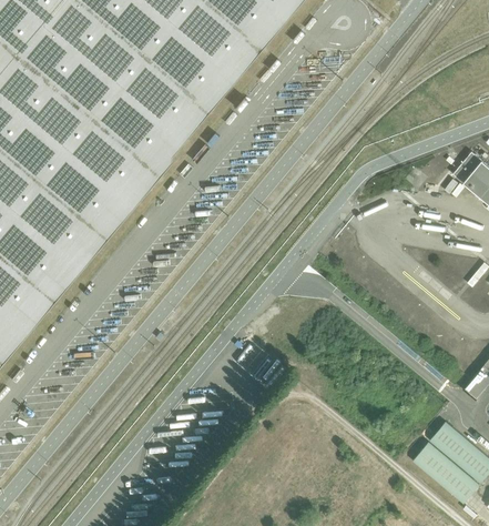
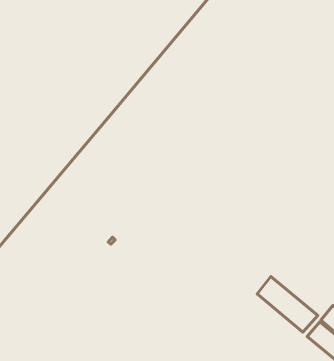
building: none -> [257,276,318,332]

